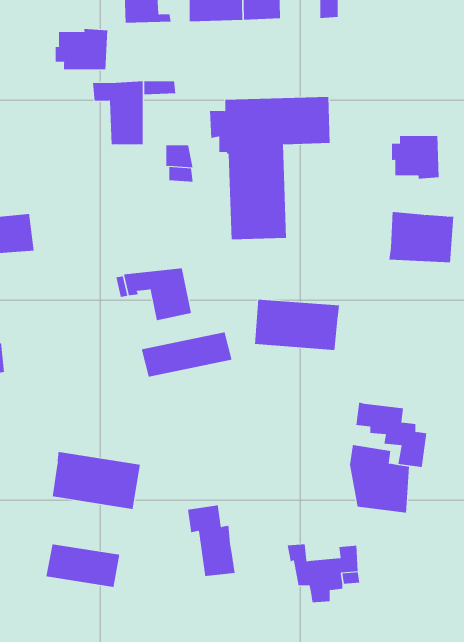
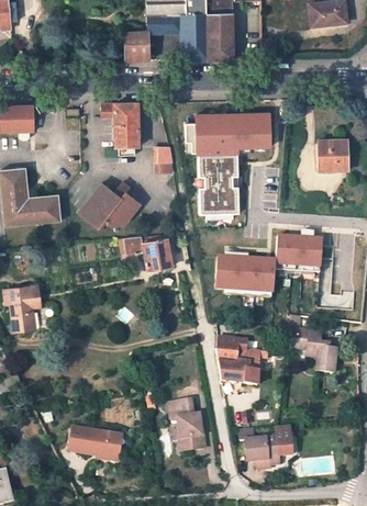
building: [55,28,108,70] -> none
building: none -> [79,182,140,227]
building: [389,212,454,263] -> [276,234,322,270]
building: [141,331,232,377] -> none
building: [349,445,410,513] -> [216,336,259,384]
building: [52,451,140,510] -> none

